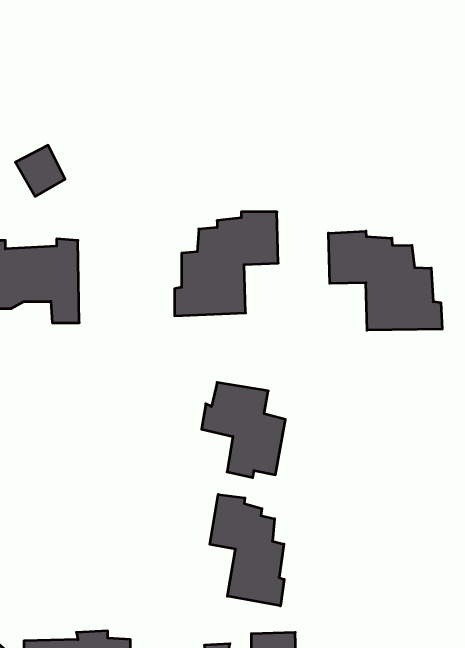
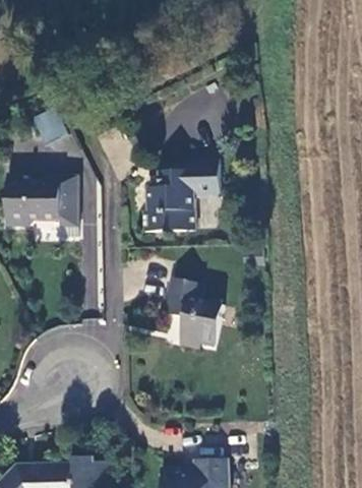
building: [328,231,442,330] -> none
building: [210,494,284,606] -> none

